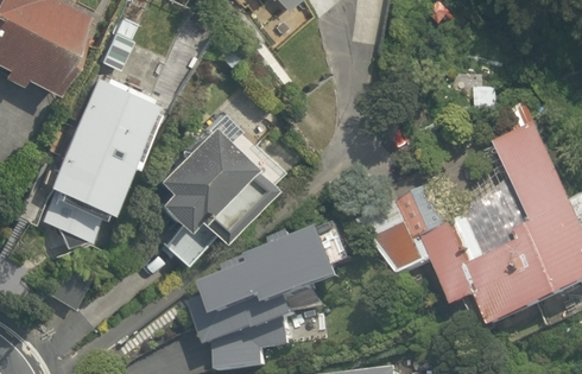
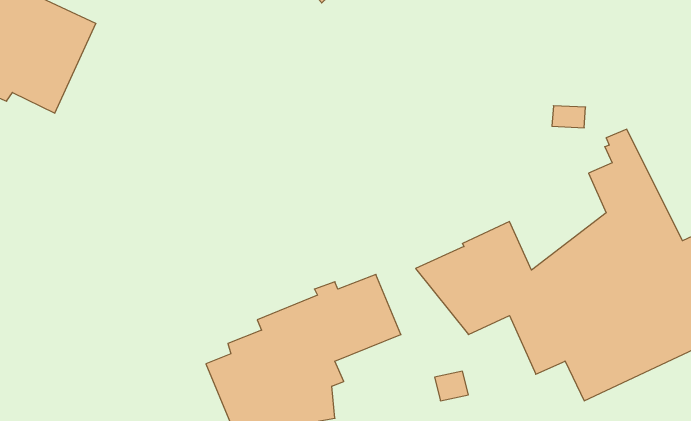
building: [31,78,158,243] -> none
building: [151,129,261,271] -> none

